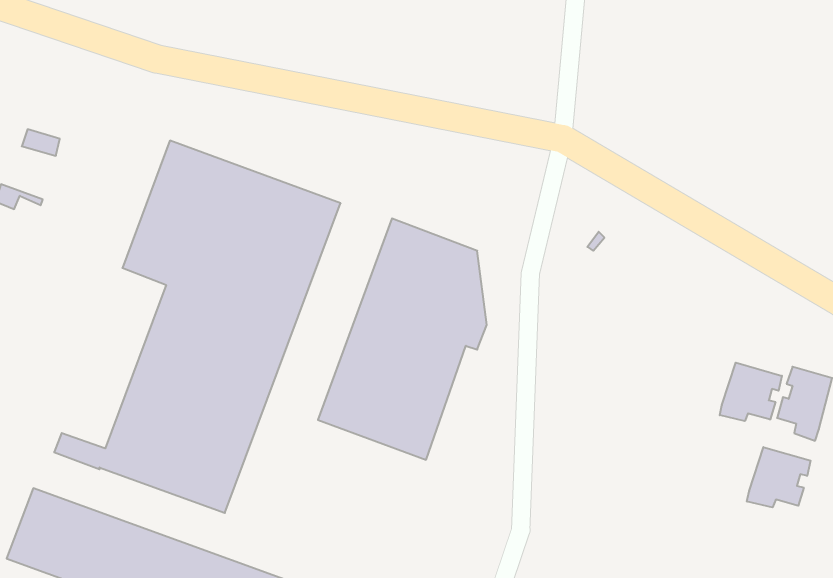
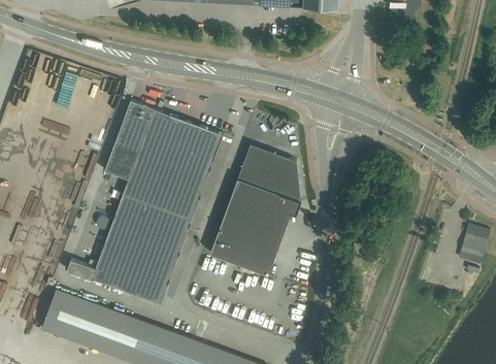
building: [720,363,782,421] -> none
building: [747,447,811,507] -> none

